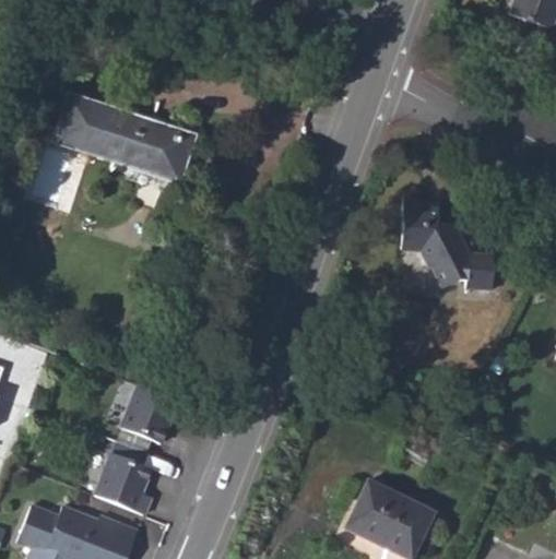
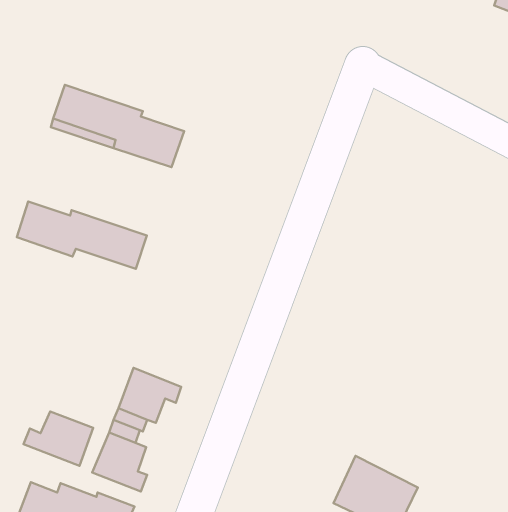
building: [400,197,493,288] -> none
building: none -> [17,201,147,269]
building: none -> [23,411,93,466]

